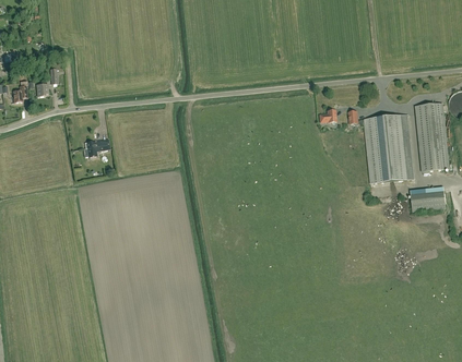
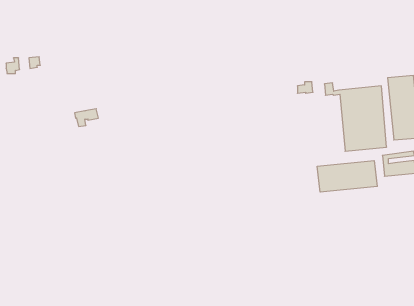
building: none -> [317,161,377,192]

